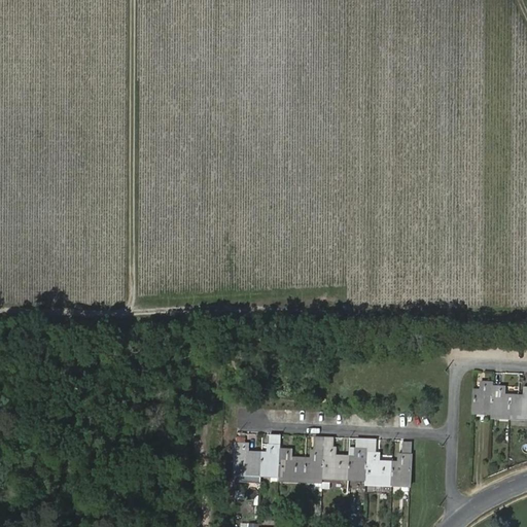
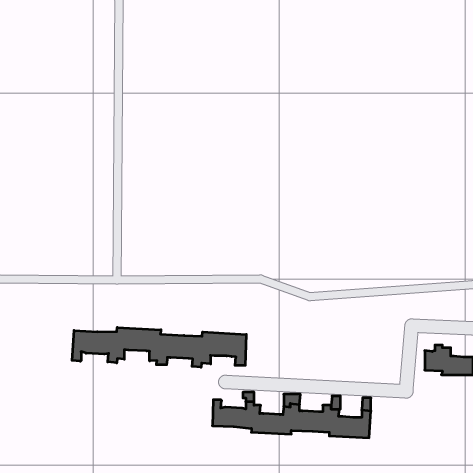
building: none -> [72,327,246,367]

